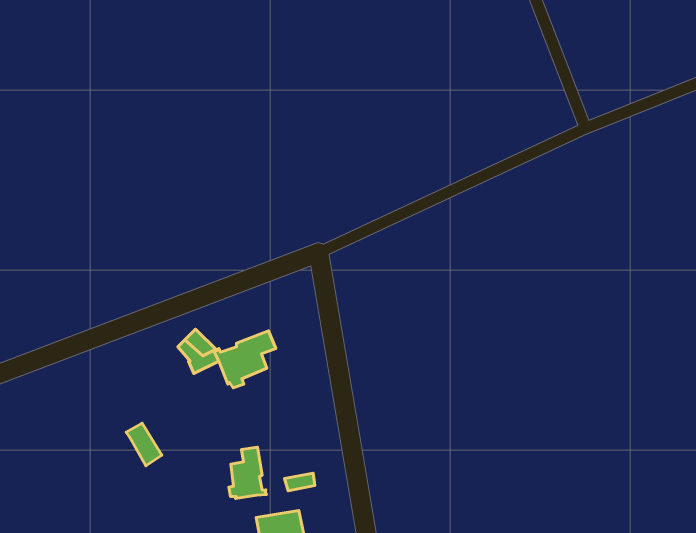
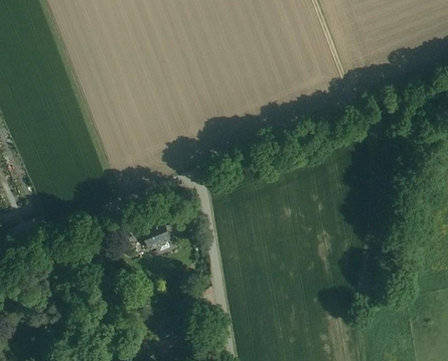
building: [229,447,267,499] -> none

